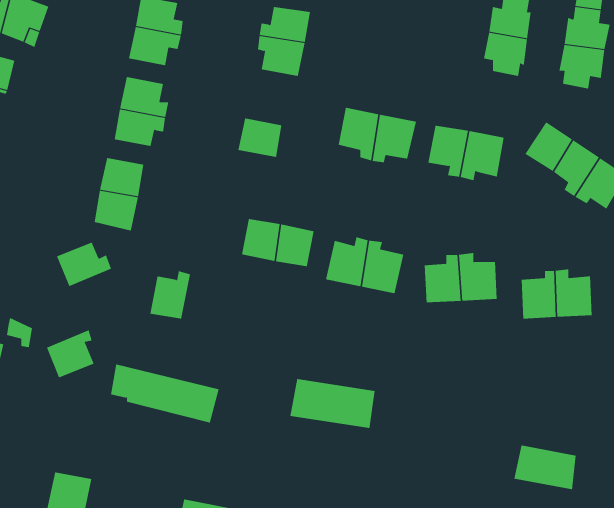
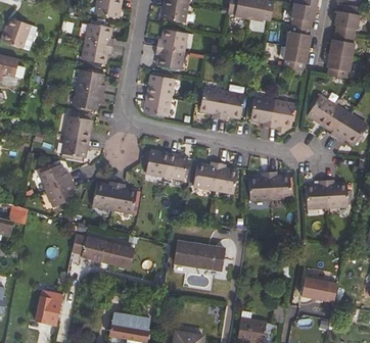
building: none -> [148,76,174,98]
building: none -> [112,183,134,211]
building: [46,330,94,378] -> [48,180,76,207]

